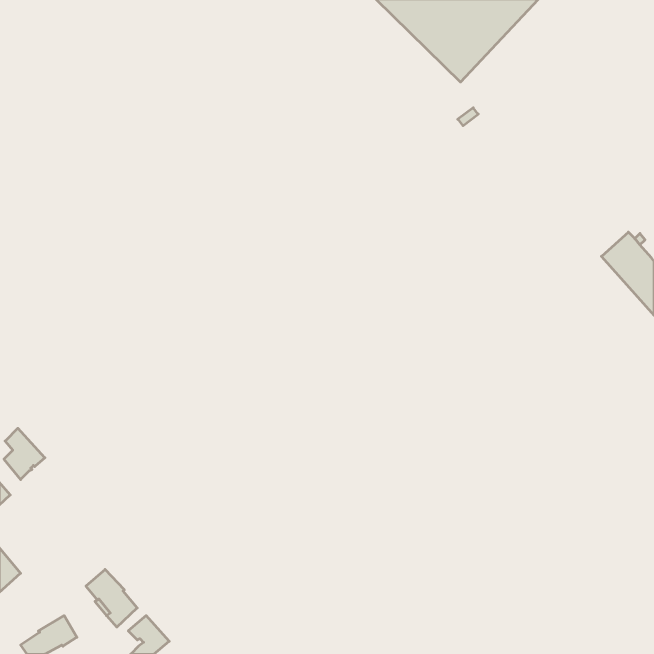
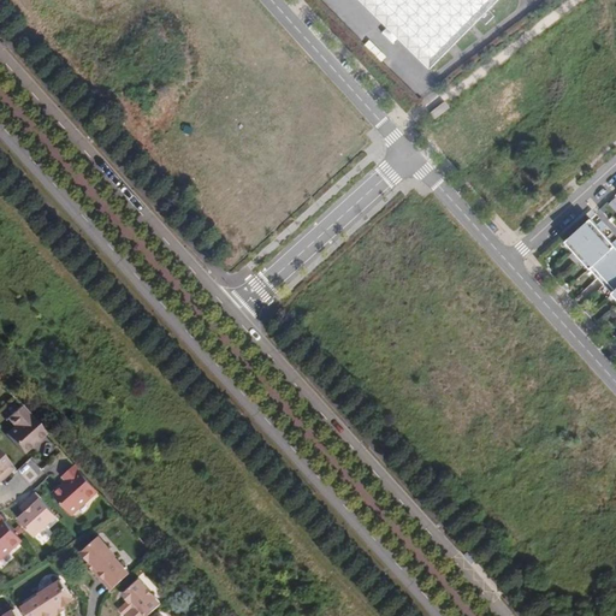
building: none -> [51,462,95,511]
building: none -> [16,491,54,534]

